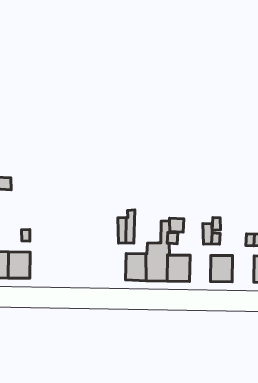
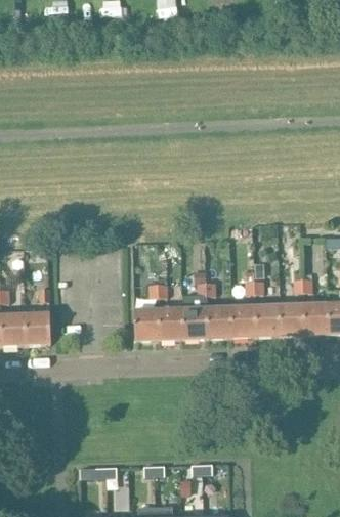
building: none -> [134,309,160,340]
building: none -> [231,306,256,337]
building: none -> [280,304,305,335]

